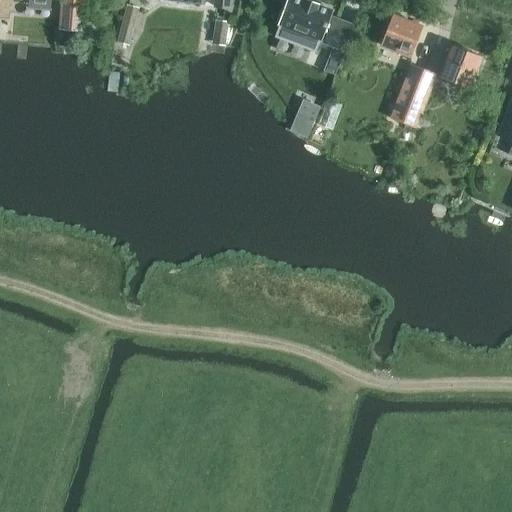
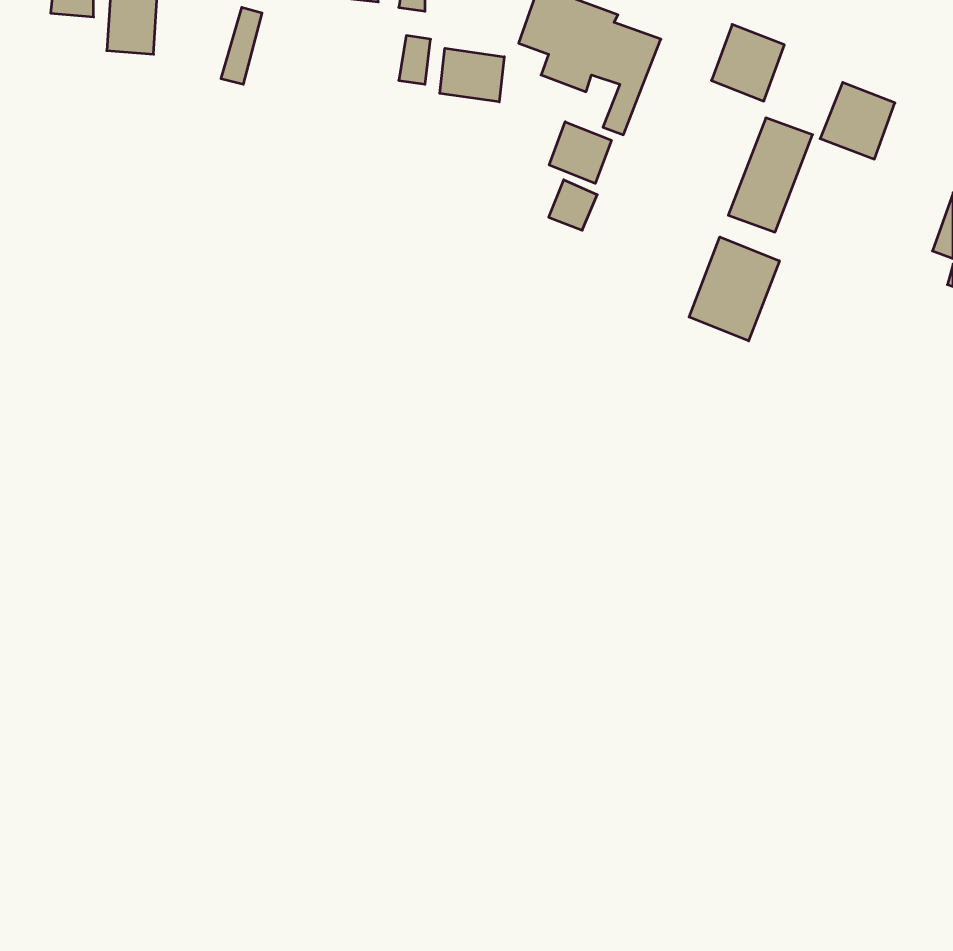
building: none -> [440,48,504,102]
building: none -> [549,122,611,183]
building: none -> [689,237,779,341]

